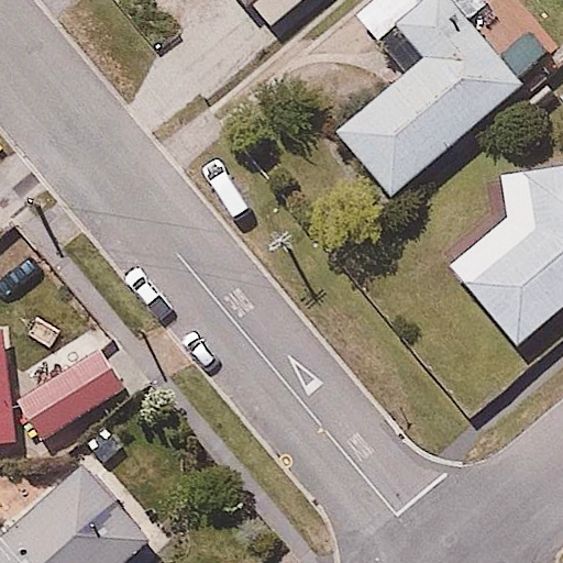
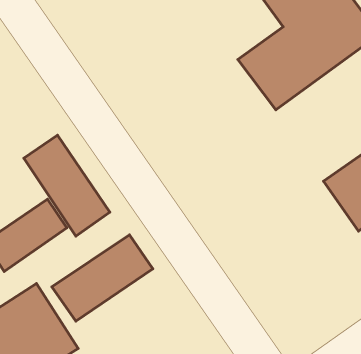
building: none -> [24,135,110,236]
building: none -> [52,235,153,321]

